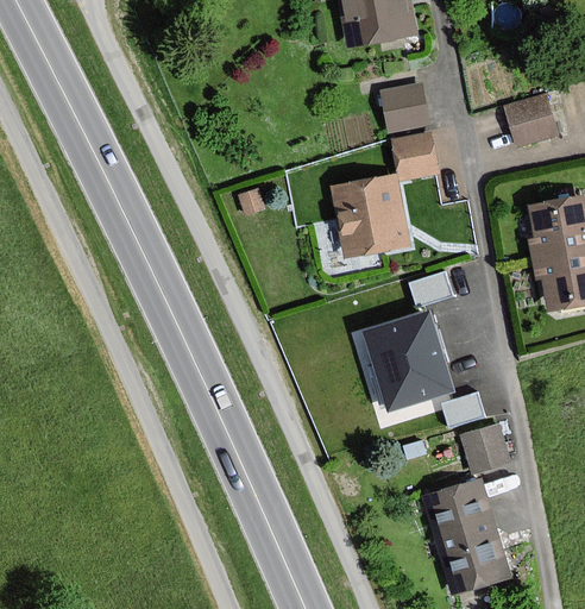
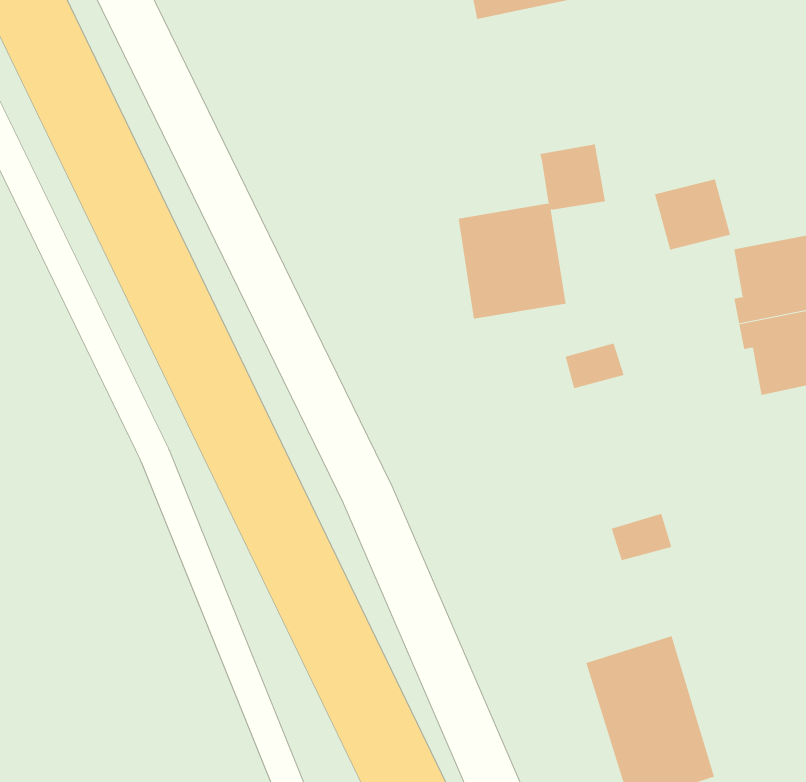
building: [380,82,427,132] -> none
building: [504,96,558,146] -> [654,179,731,250]
building: [365,313,452,409] -> none
building: [461,423,512,475] -> none

